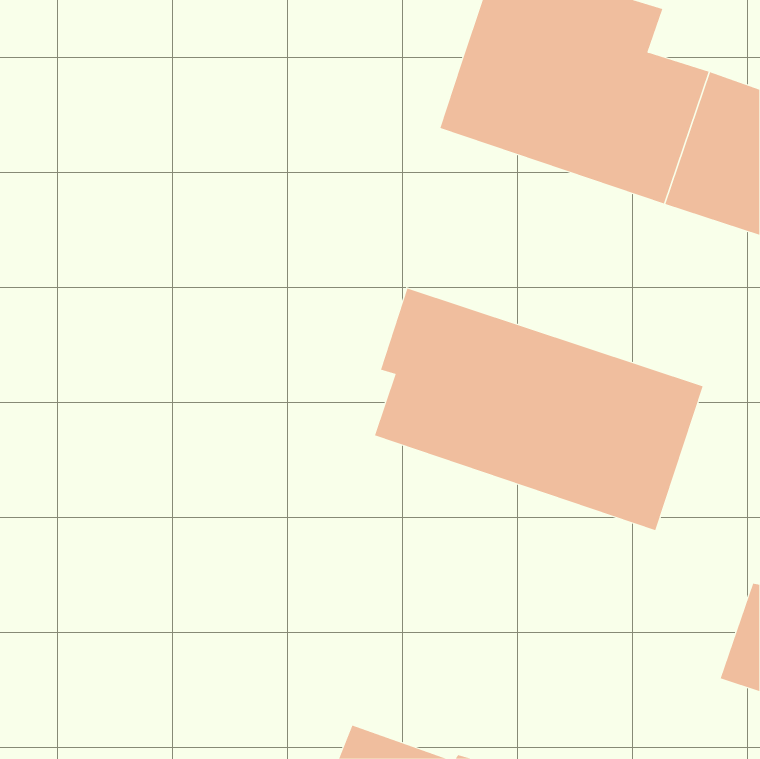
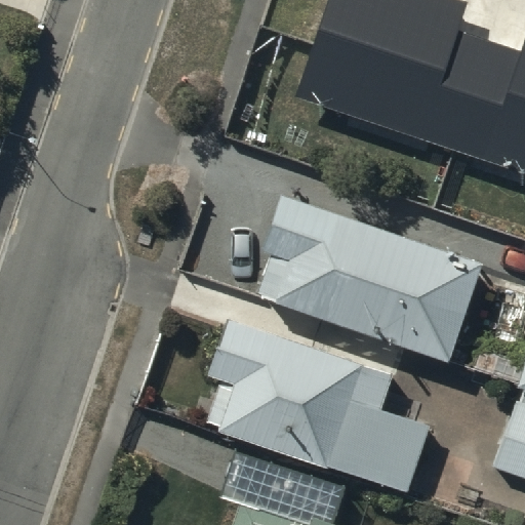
building: none -> [208,320,430,493]

